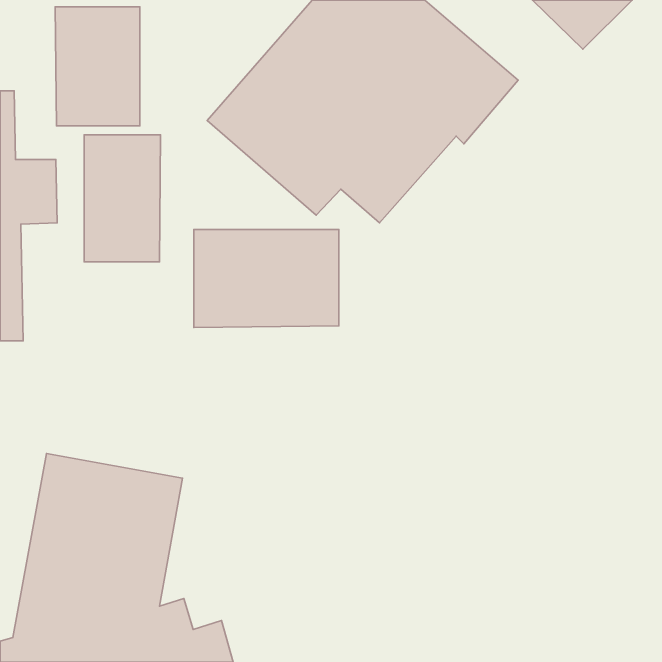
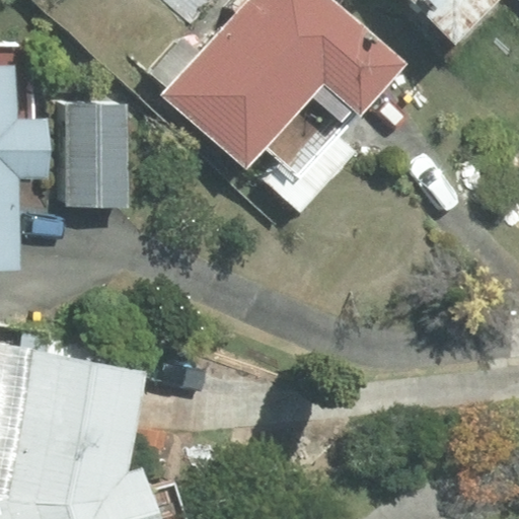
building: [55,7,140,126] -> none
building: [194,229,339,327] -> none

